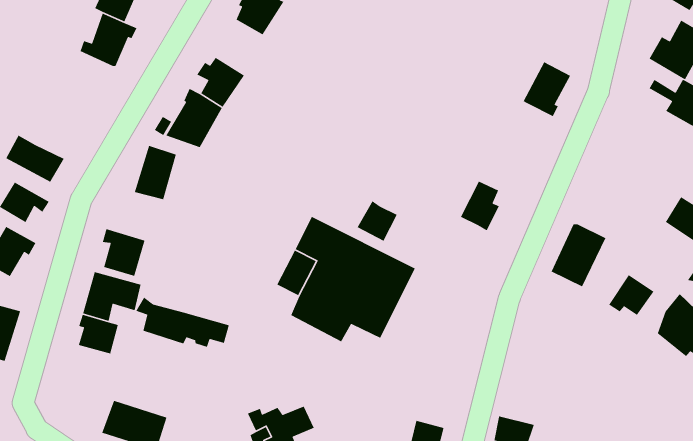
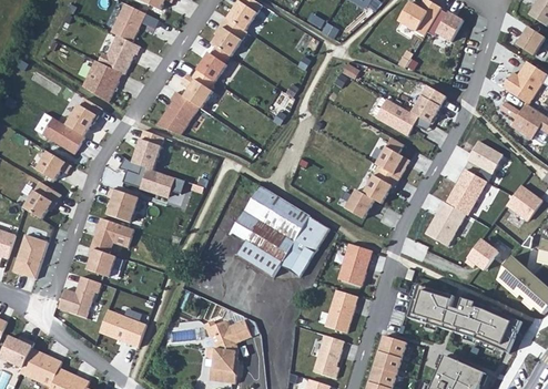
building: none -> [195,52,226,83]
building: none -> [82,60,122,103]
building: none -> [373,96,415,135]
building: none -> [64,99,101,136]
building: none -> [468,141,504,174]
building: none -> [374,136,409,180]
building: none -> [446,168,486,214]
building: [356,200,398,242] -> [345,188,375,218]
building: none -> [338,243,373,286]
building: [135,297,230,348] -> [119,157,185,196]
building: none -> [409,289,516,354]
building: none -> [325,289,358,332]
building: none -> [59,276,101,317]

